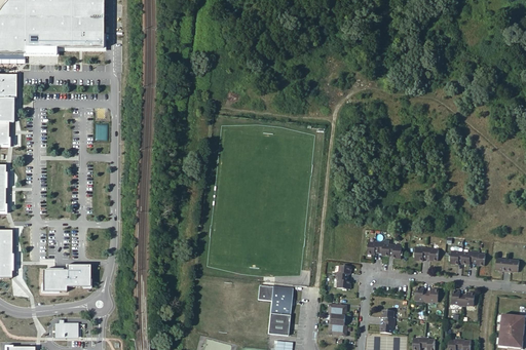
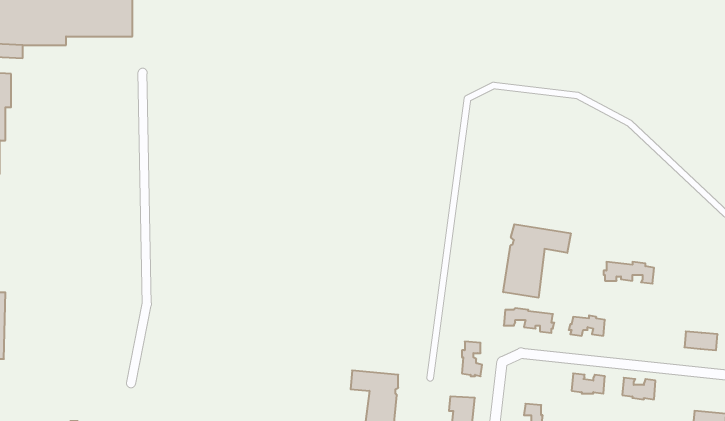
building: none -> [503,224,571,298]
building: [449,250,485,266] -> [604,262,654,284]
building: [42,265,90,291] -> none

